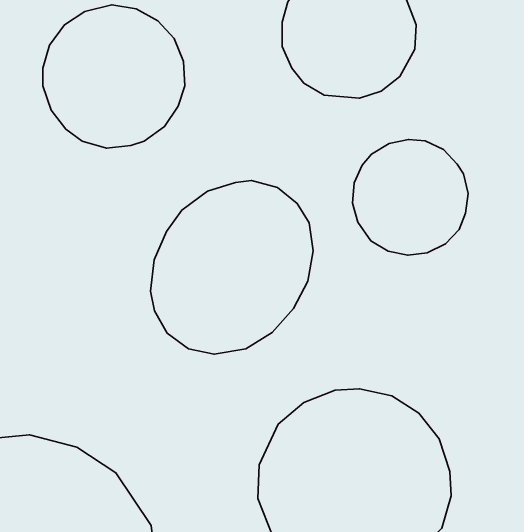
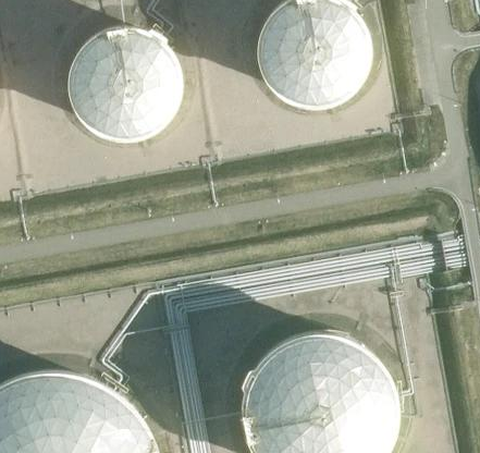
building: [353,140,468,255] -> none
building: [151,180,313,354] -> none

